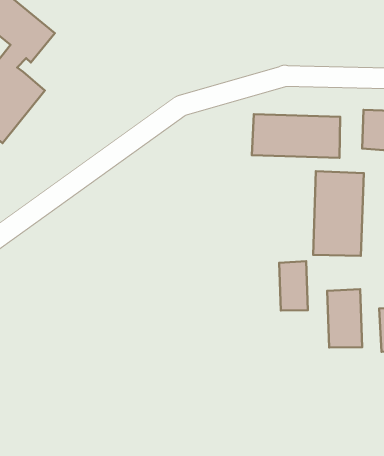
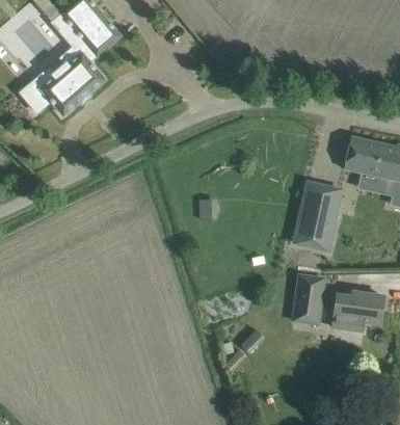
building: [252,114,340,158] -> none
building: [279,261,308,311] -> none

